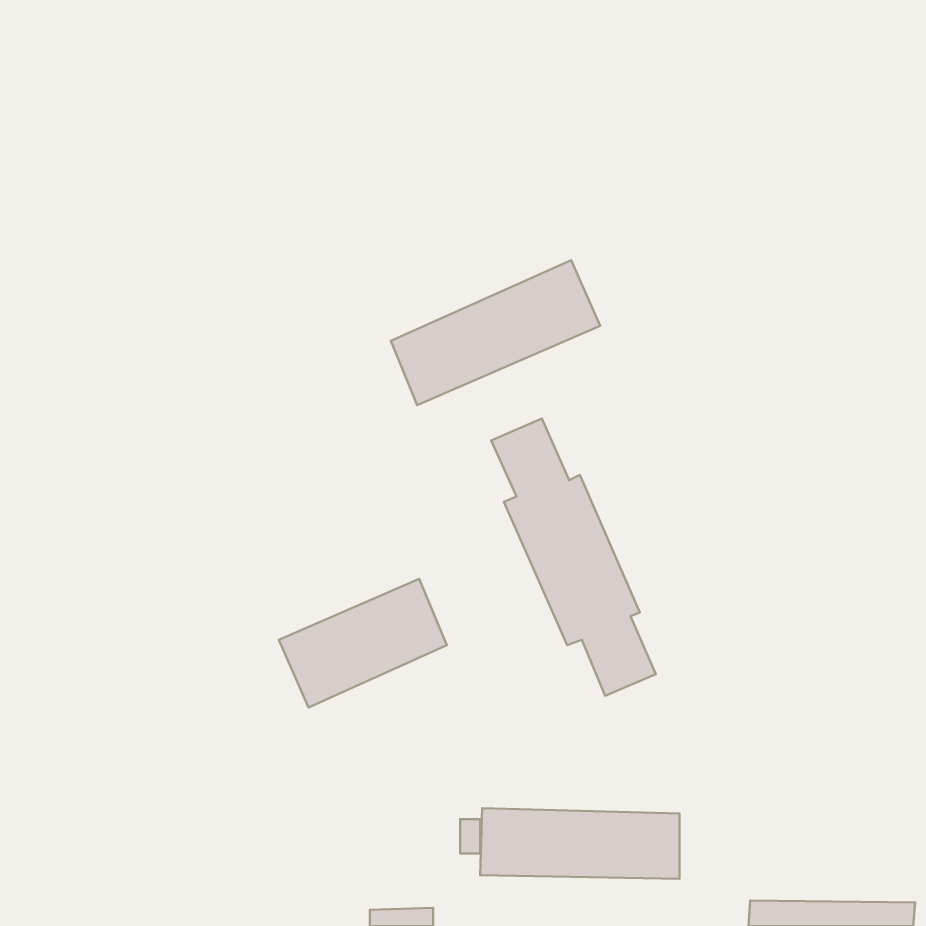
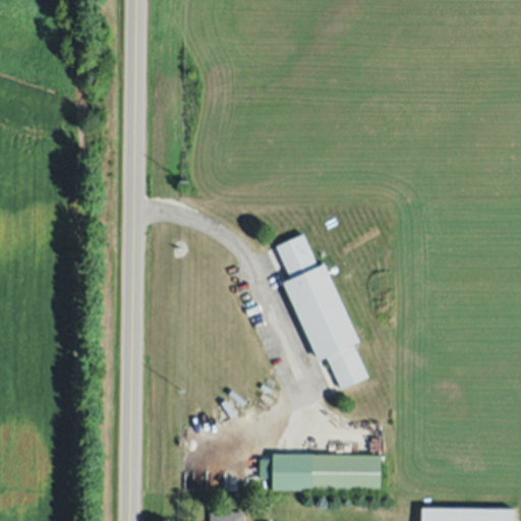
building: [391,260,600,405] -> none
building: [279,579,447,707] -> none

